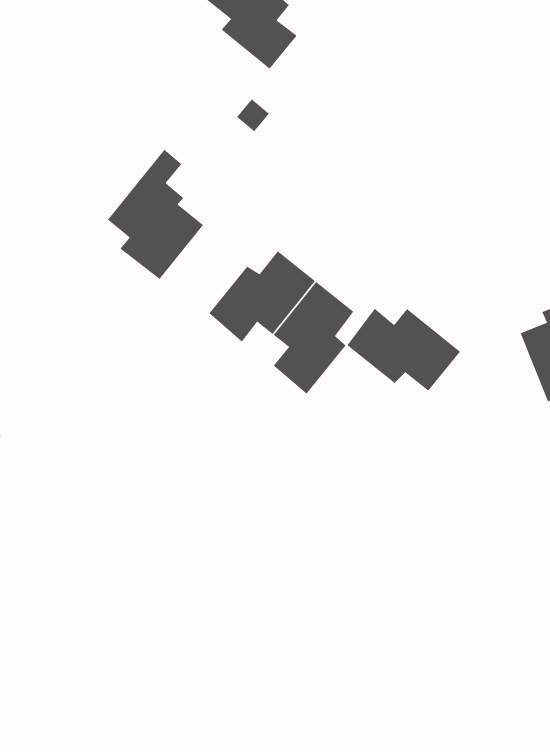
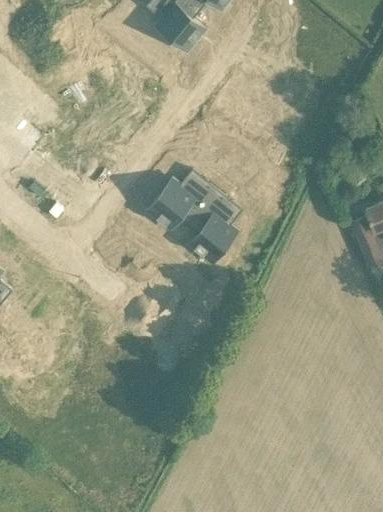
building: [107,149,204,280] -> none
building: [347,308,461,392] -> none

